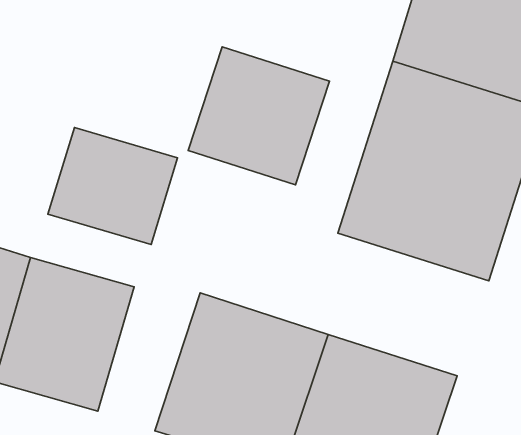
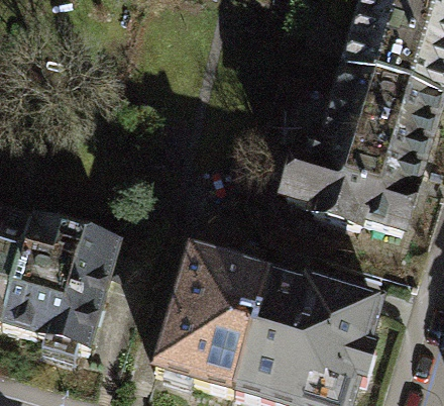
building: [188,47,330,185] -> none
building: [48,127,178,245] -> none

